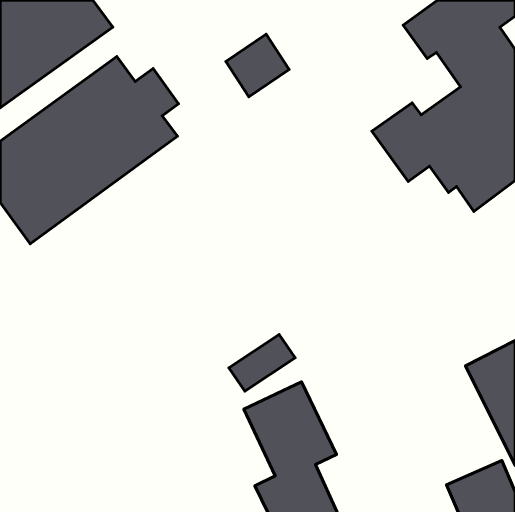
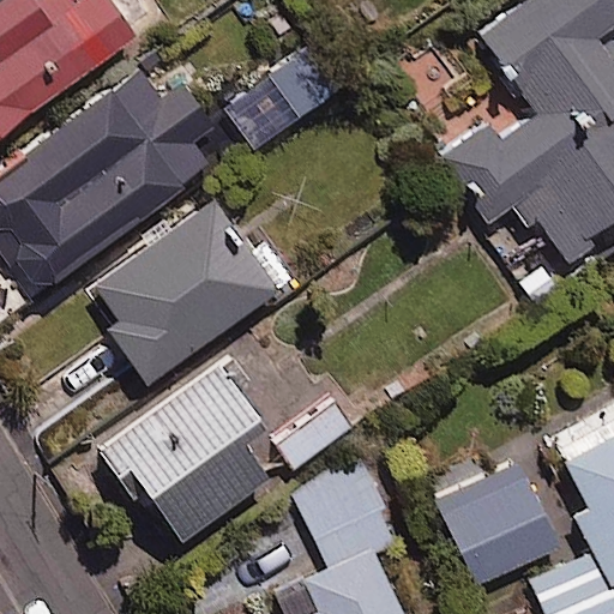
building: none -> [88,204,291,380]
building: none -> [112,366,269,541]
building: none -> [441,459,556,583]

